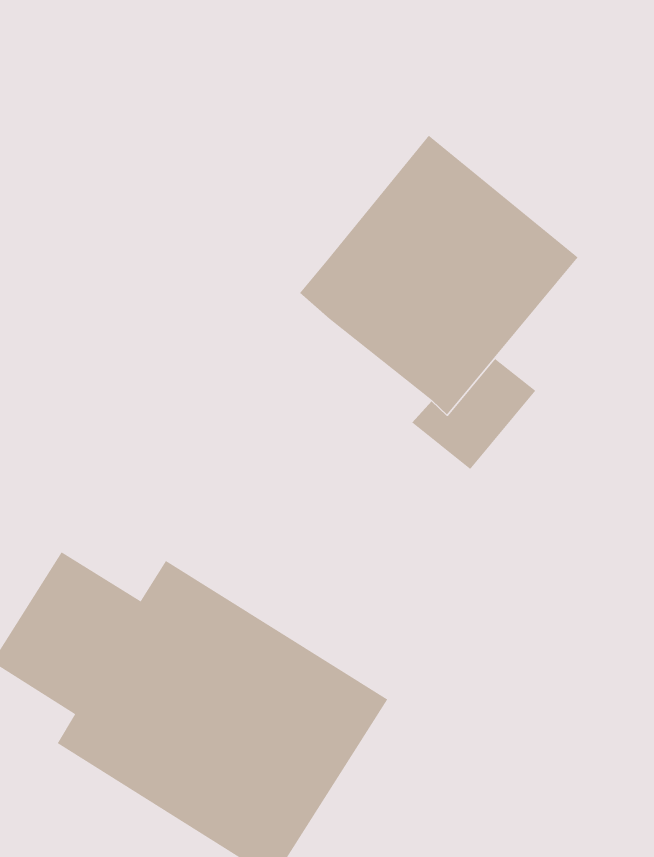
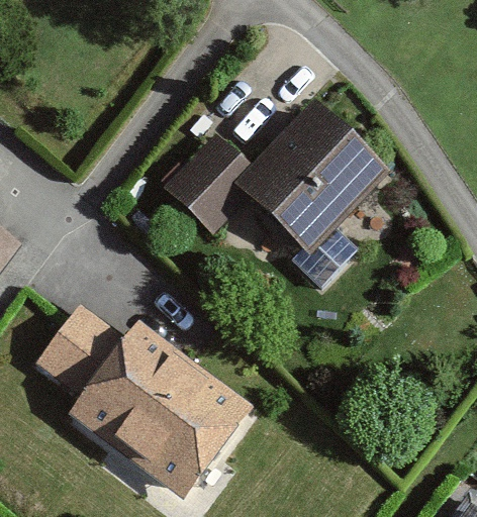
building: none -> [159,129,246,231]

